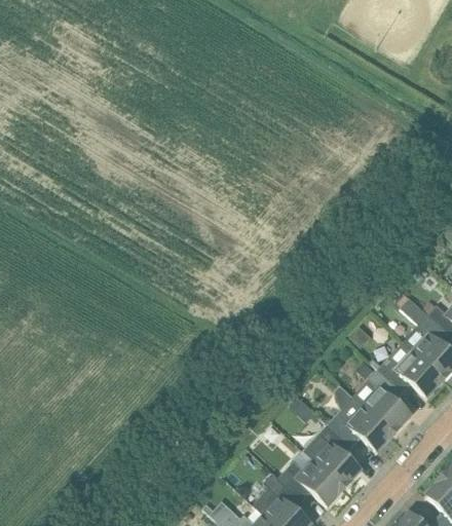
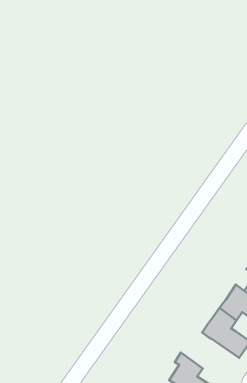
building: [277,459,344,506] -> none

